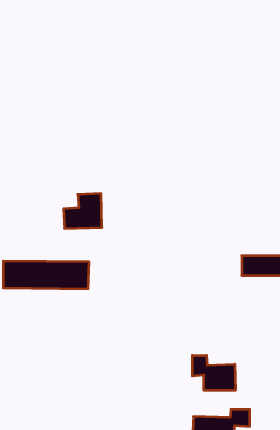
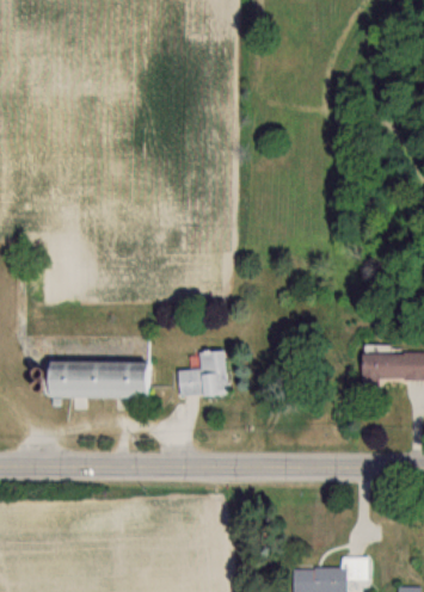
building: [64,194,102,228] -> [177,350,228,396]
building: [192,355,235,390] -> none

